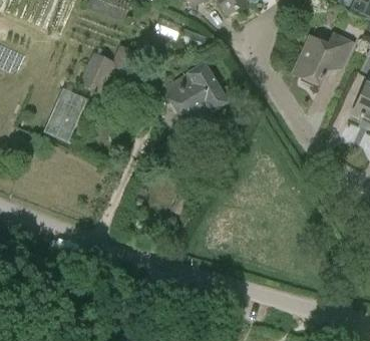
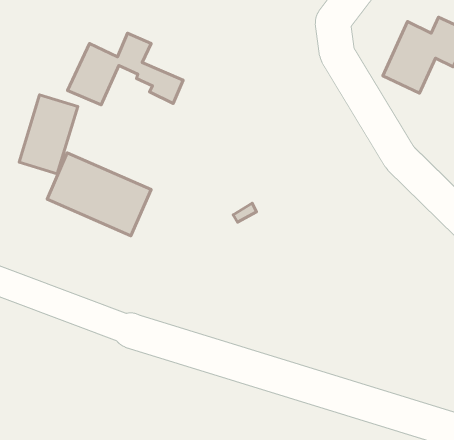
building: [162,63,227,126] -> none
building: none -> [47,153,151,236]

